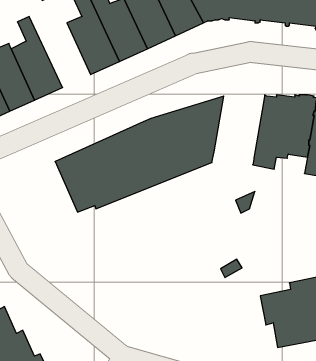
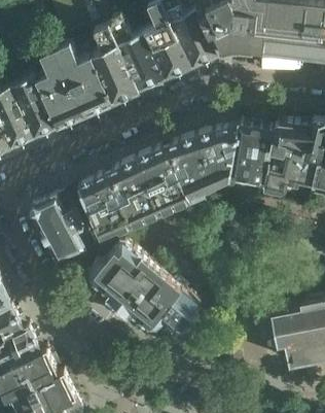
building: none -> [50,44,109,119]
building: none -> [227,127,276,187]
building: none -> [31,198,93,265]
building: none -> [84,245,196,339]

